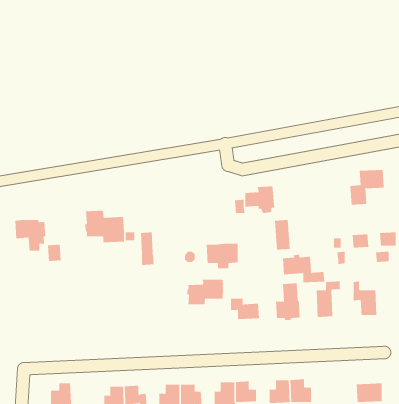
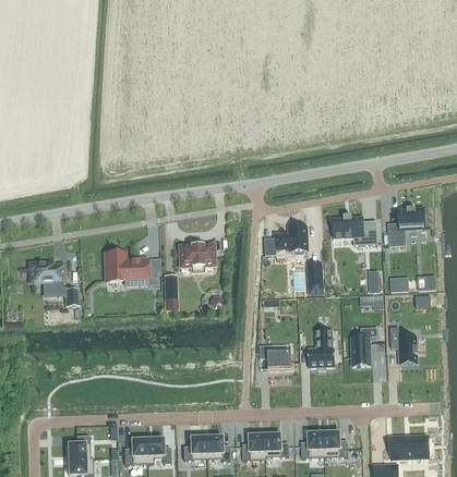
building: [206,243,238,269] -> [179,244,214,271]
building: [282,254,325,283] -> [332,215,377,245]
building: [186,279,223,305] -> none

